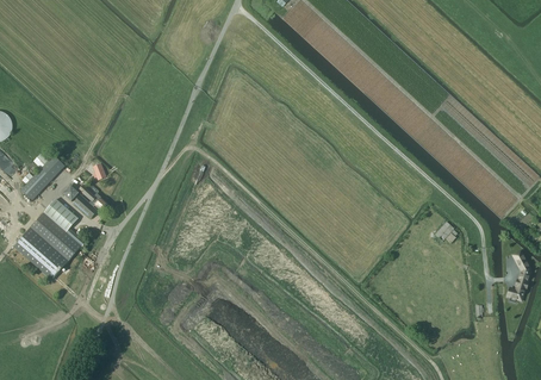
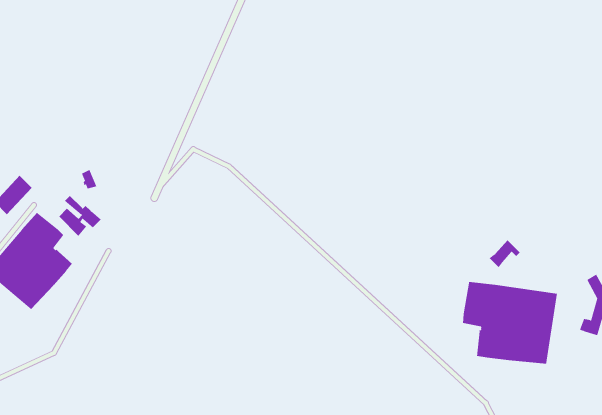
building: none -> [462,281,558,365]

